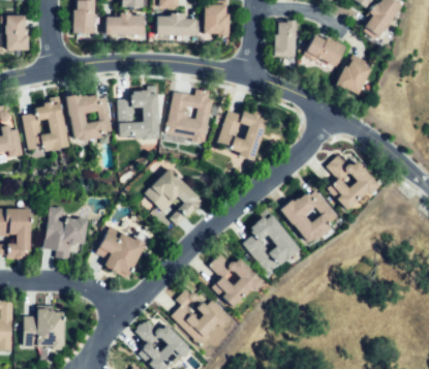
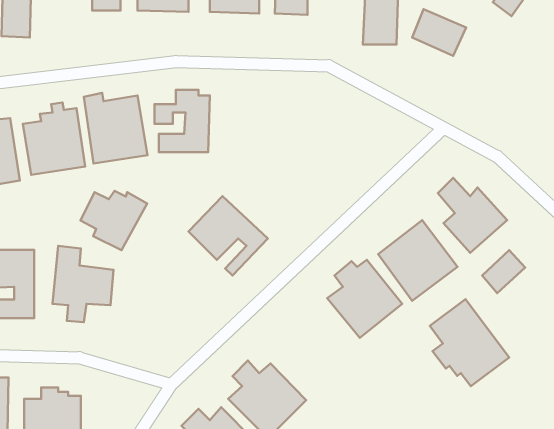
building: [339,58,372,94] -> none
building: [164,90,212,141] -> none
building: [214,109,268,160] -> none
building: none -> [482,250,525,293]
building: [98,234,147,277] -> [80,191,147,250]
building: none -> [430,299,509,386]
building: [209,255,263,309] -> none

